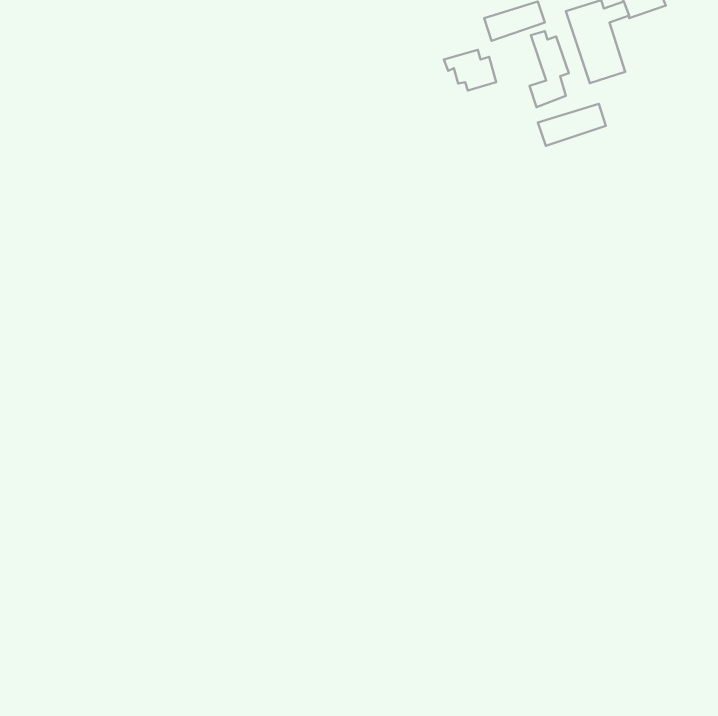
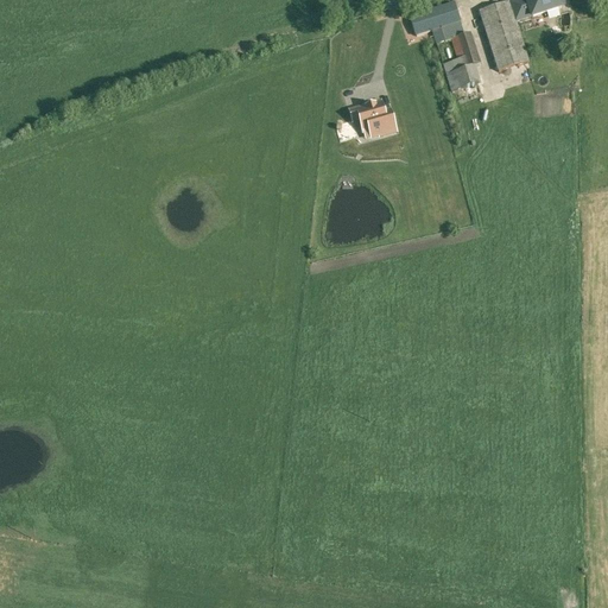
building: [444,50,496,91] -> [350,101,394,135]
building: [538,104,606,146] -> none

